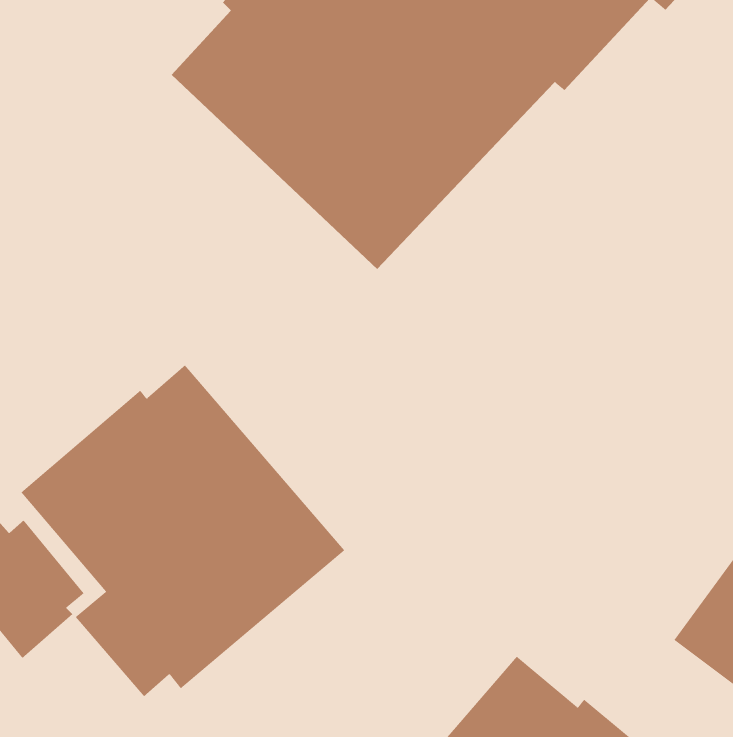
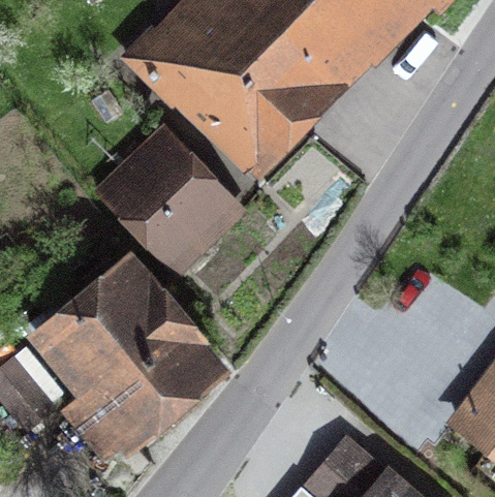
building: none -> [93,124,248,280]

